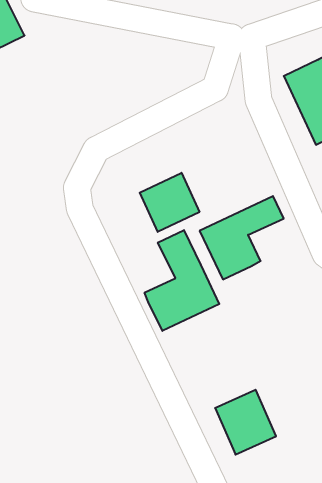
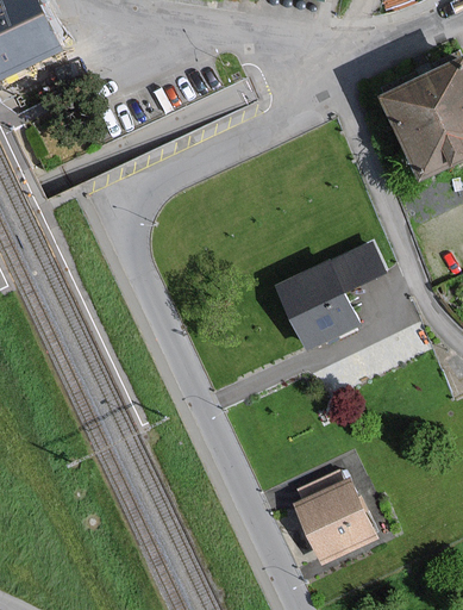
building: [140,173,199,232] -> none
building: [145,230,219,331] -> none

